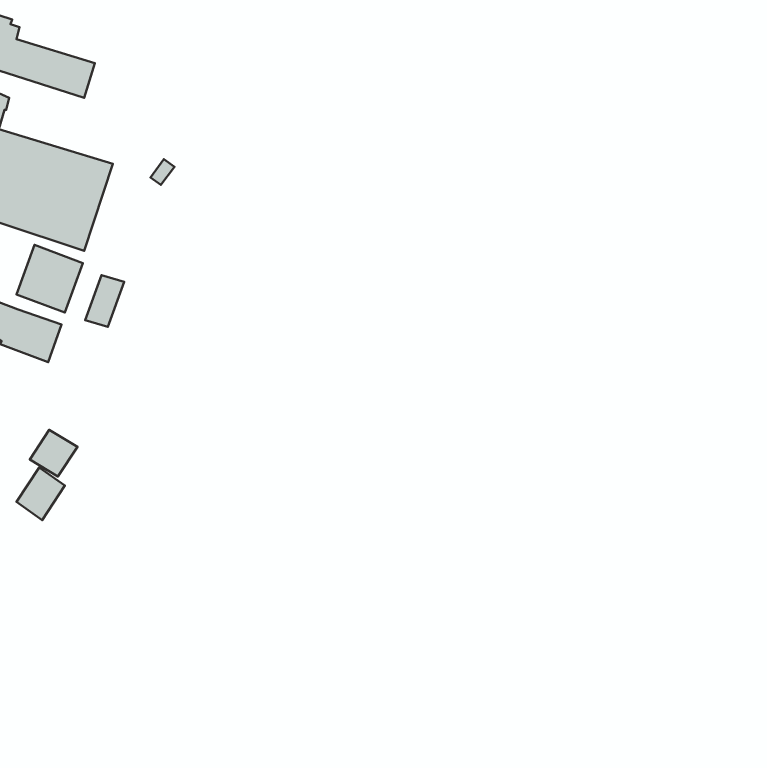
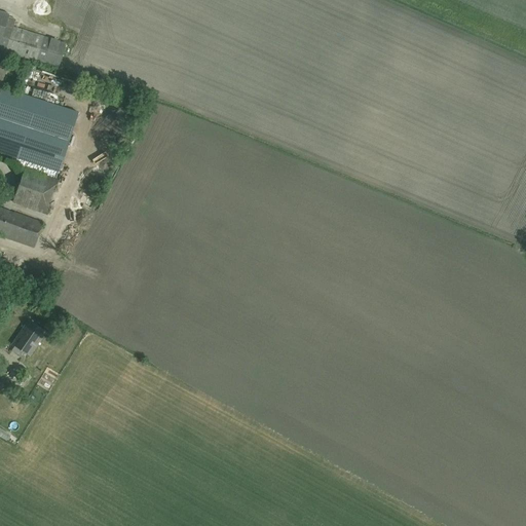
building: [85,275,124,327] -> none
building: [30,430,77,476] -> none

